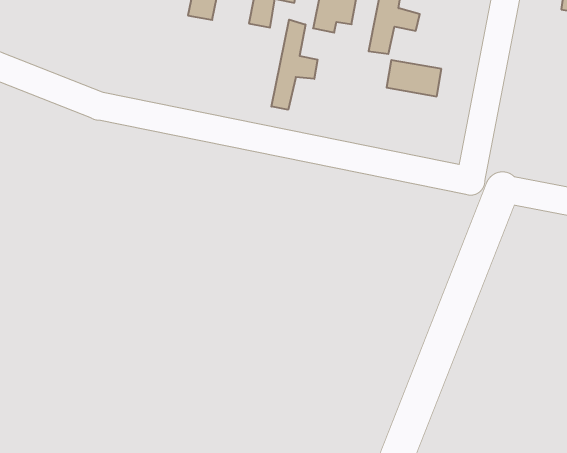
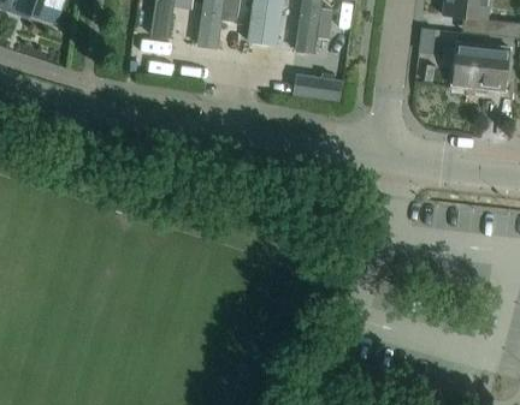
building: [271,20,318,110] -> none

